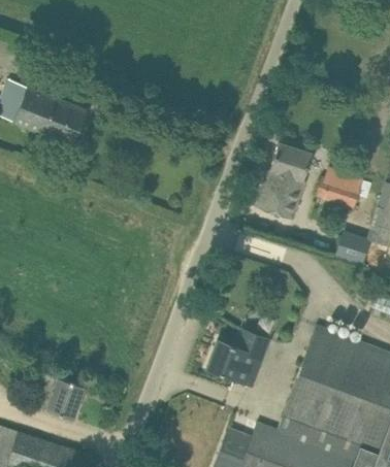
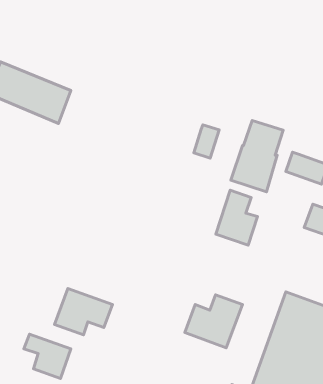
building: none -> [194,125,219,158]
building: none -> [216,190,258,245]
building: none -> [55,288,113,335]

